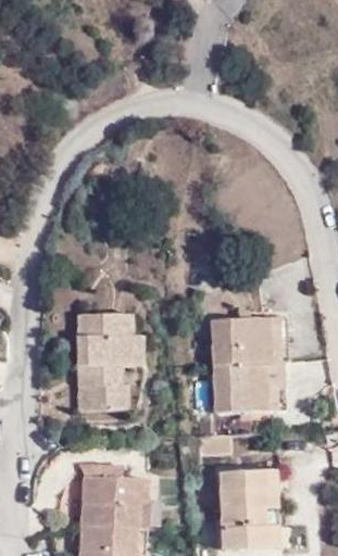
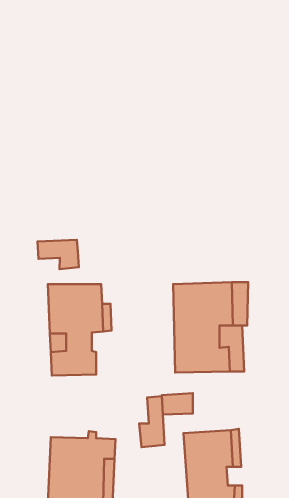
building: none -> [37,240,79,269]
building: none -> [139,396,164,447]

